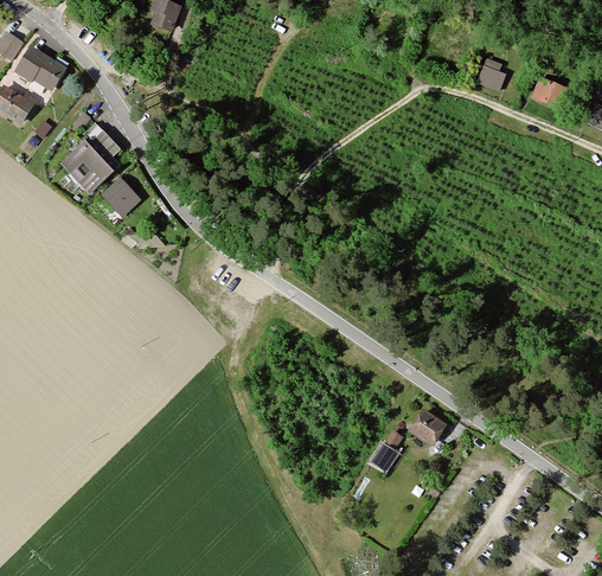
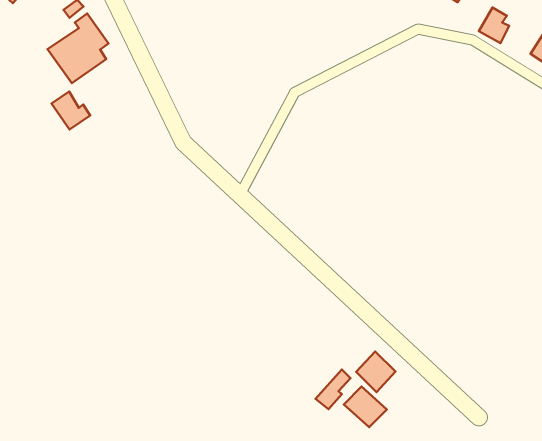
building: [102,178,141,215] -> [51,92,90,130]
building: none -> [344,387,387,427]

